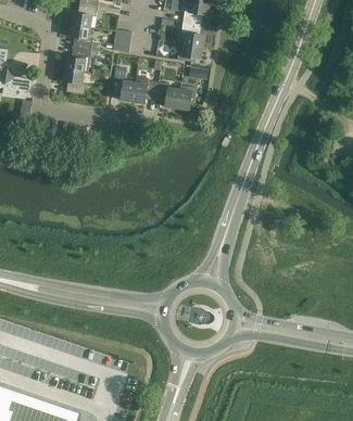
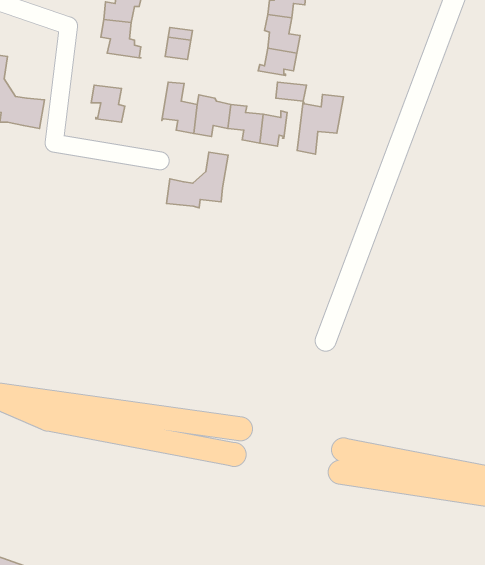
building: [66,47,98,71] -> none
building: none -> [297,95,343,154]
building: none -> [167,152,228,208]

